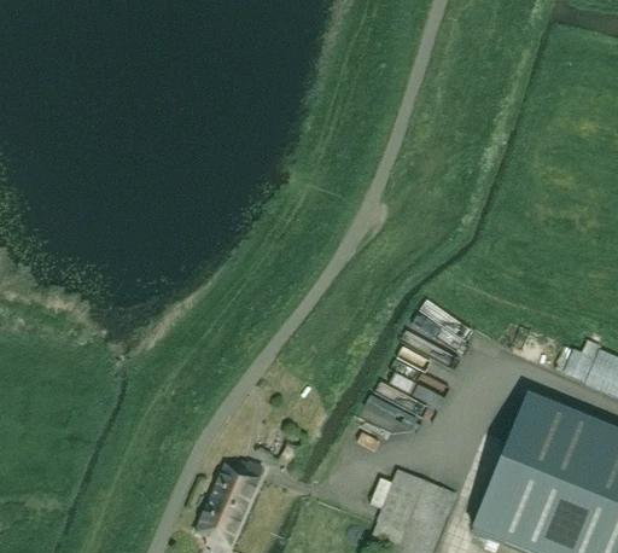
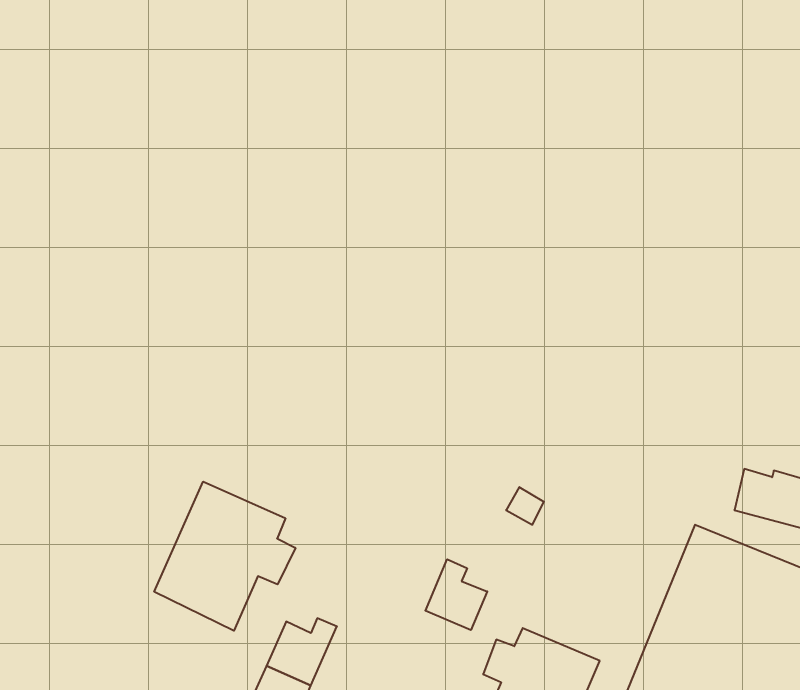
building: none -> [154,482,295,631]
building: none -> [425,559,487,630]

